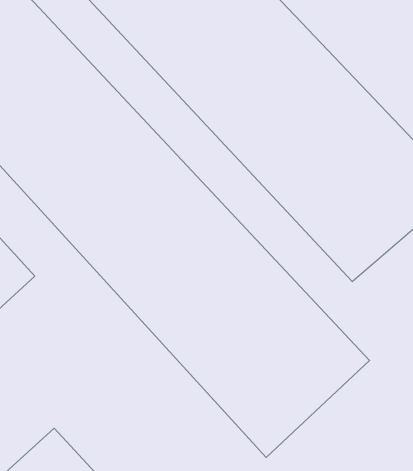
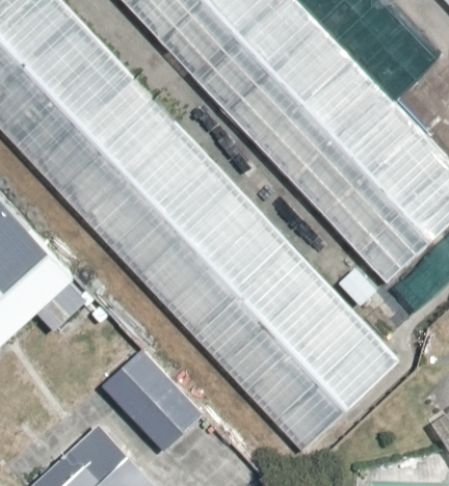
building: none -> [97,343,203,450]

